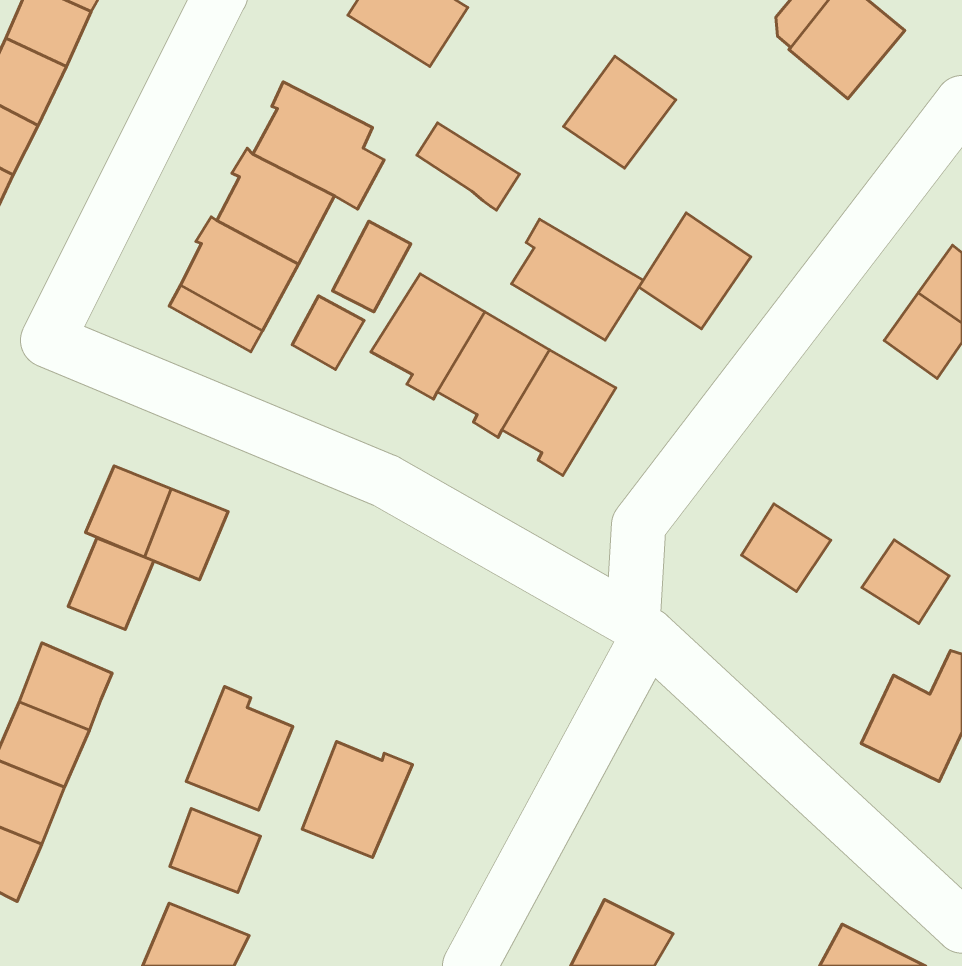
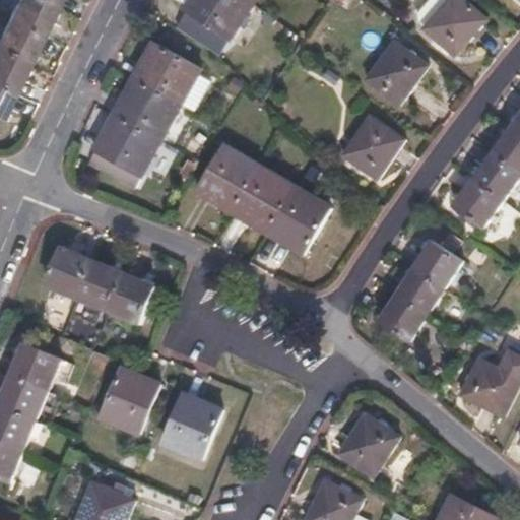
building: [564,56,676,168] -> [365,40,425,100]
building: [417,123,519,210] -> [175,8,230,55]
building: [511,219,643,340] -> none
building: [333,221,411,312] -> none
building: [292,296,364,370] -> none
building: none -> [454,182,501,228]
building: [68,538,154,629] -> [107,273,152,322]
building: [862,540,949,624] -> [413,244,460,288]
building: none -> [379,297,426,341]
building: none -> [336,414,396,475]
building: [170,808,261,893] -> none

